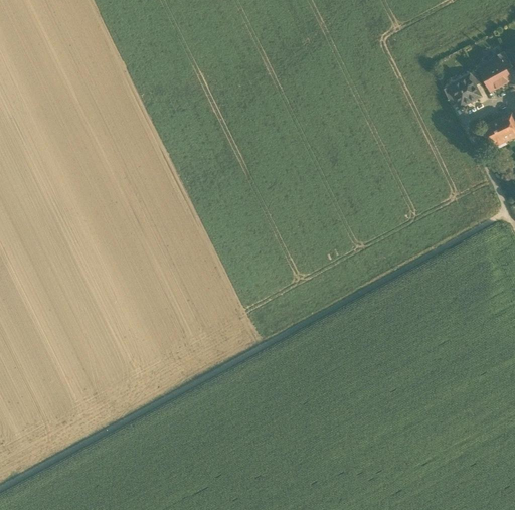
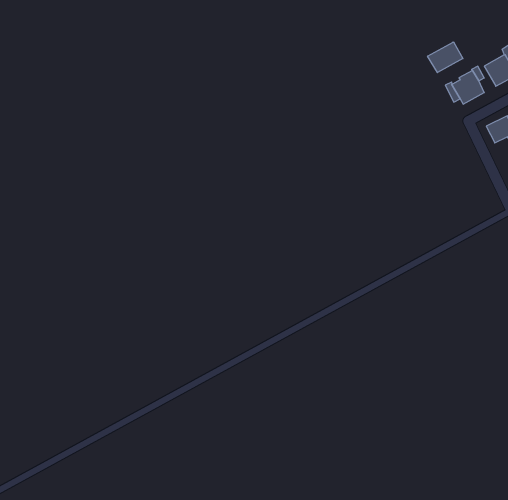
building: none -> [428,42,463,73]

